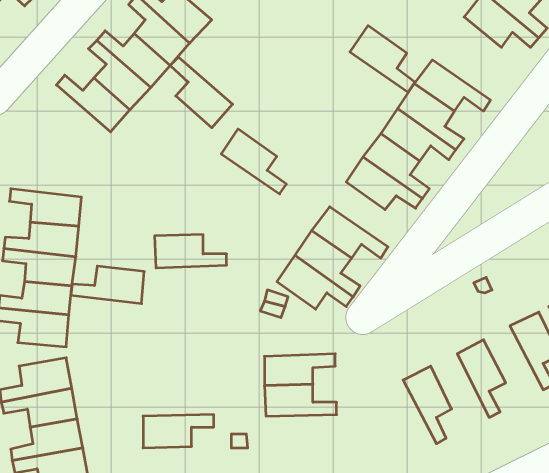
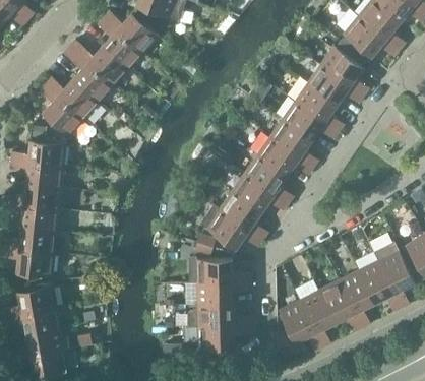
building: [350,26,415,92] -> [320,47,368,96]
building: [170,57,233,128] -> [39,84,84,136]
building: [221,129,286,194] -> [245,155,293,203]
building: [155,235,227,268] -> [196,259,249,283]
building: [71,266,144,304] -> [11,139,65,167]
building: none -> [358,261,402,312]
building: none -> [319,281,362,332]
building: none -> [279,301,323,352]
building: [143,415,214,448] -> [198,326,250,351]

